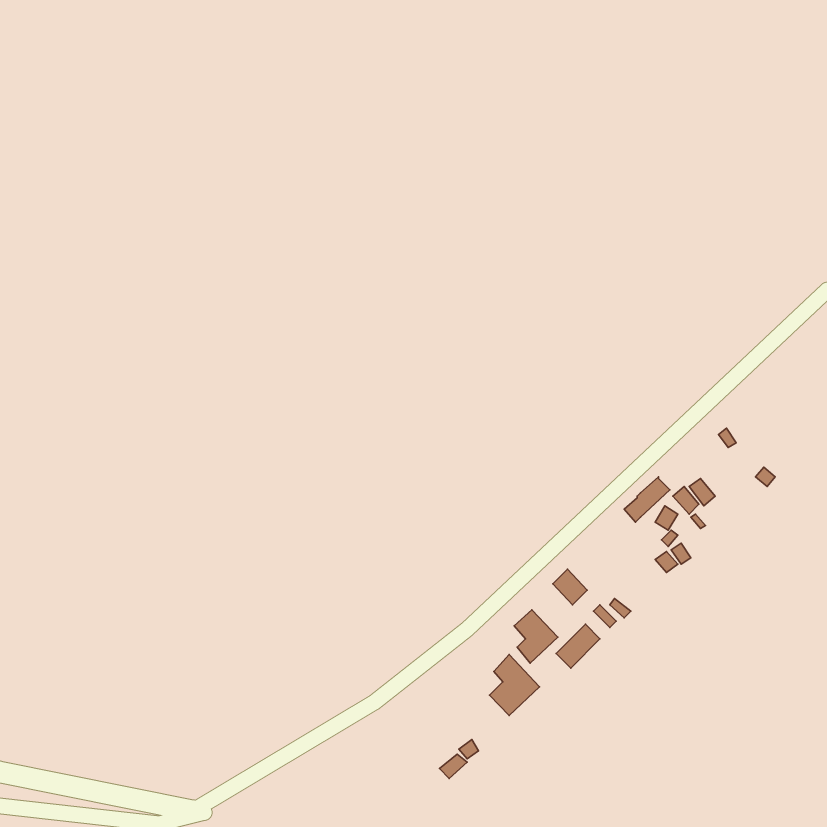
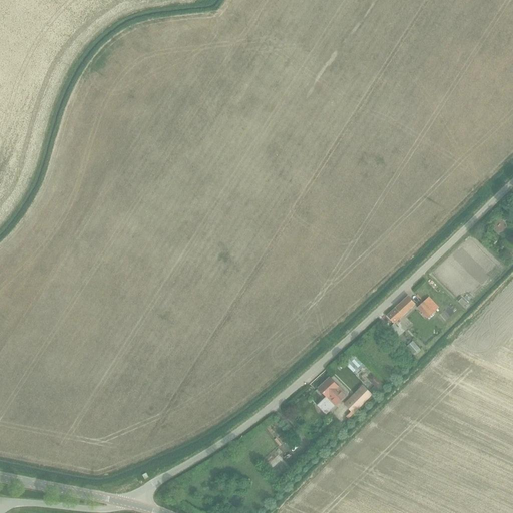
building: [489,655,539,716] -> none

